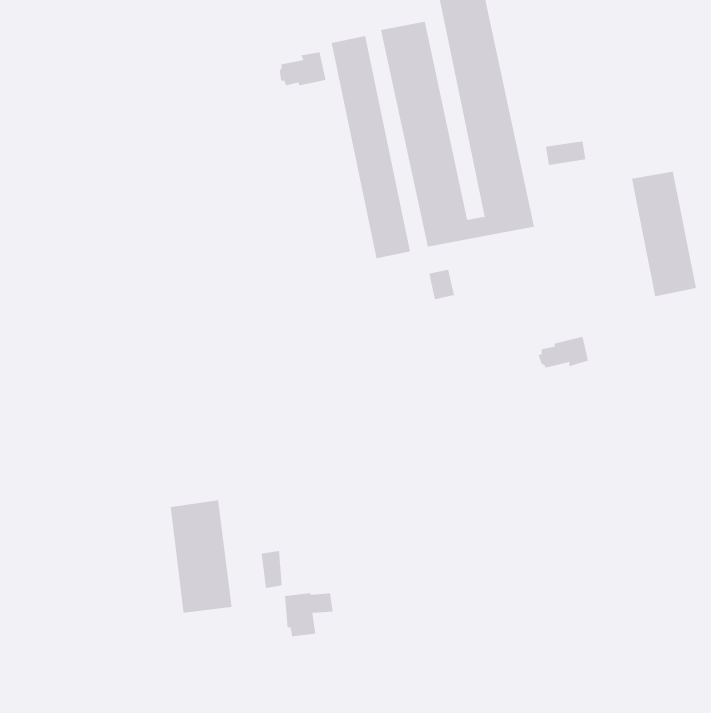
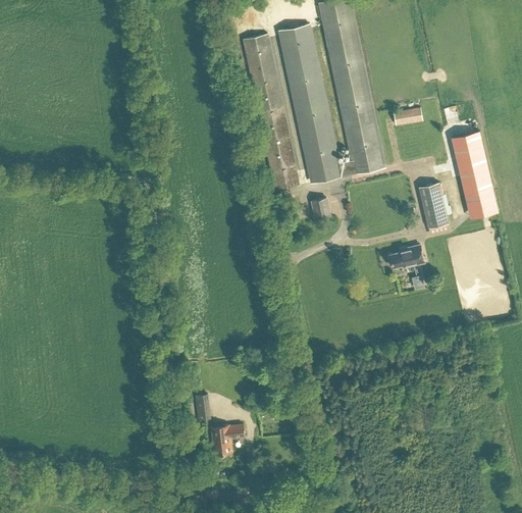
building: [279,52,326,86] -> none
building: none -> [418,183,448,227]
building: [170,499,232,613] -> none

